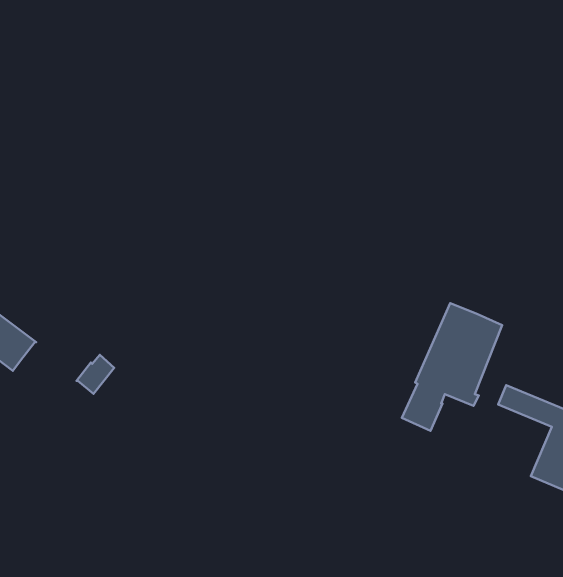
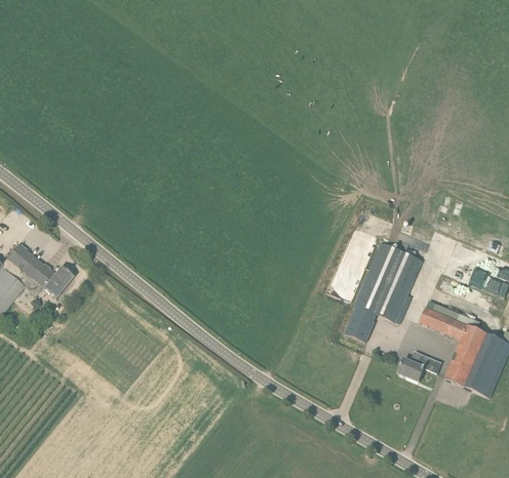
building: [76,355,114,394] -> [42,266,72,296]
building: none -> [397,350,441,380]

